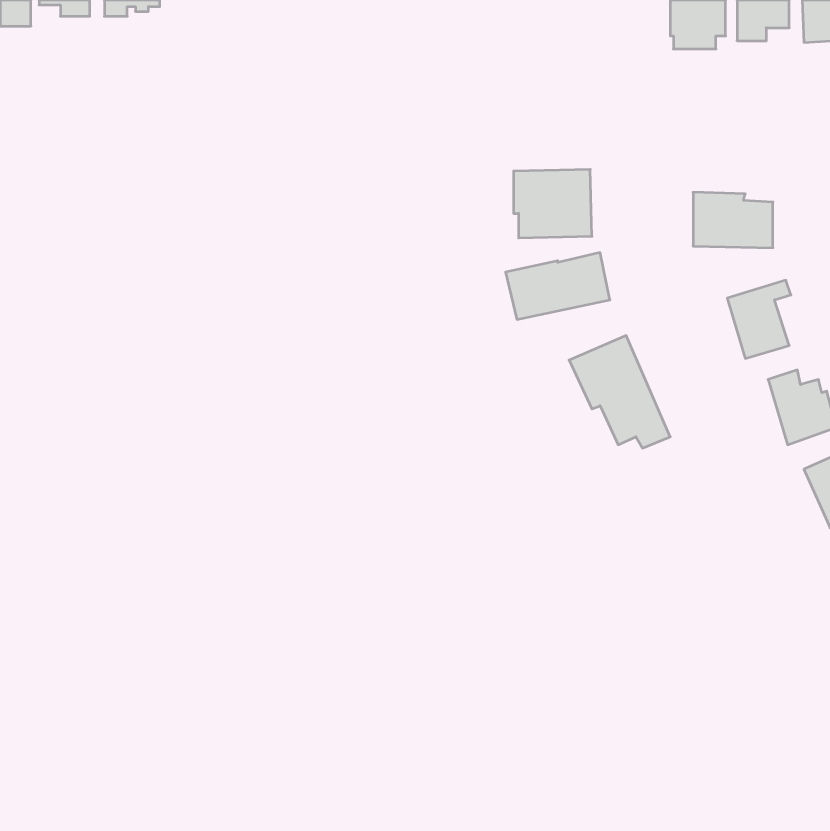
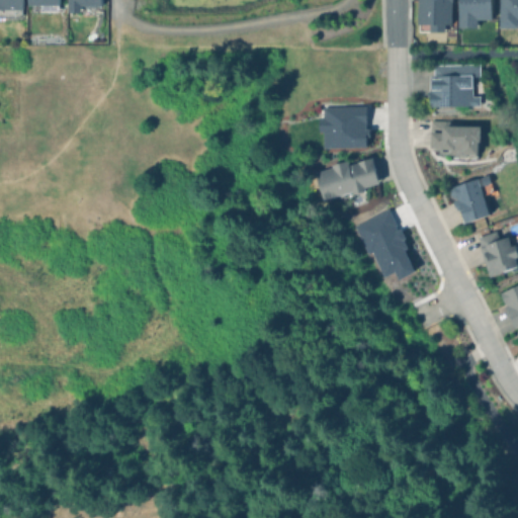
building: none -> [432,65,482,106]

